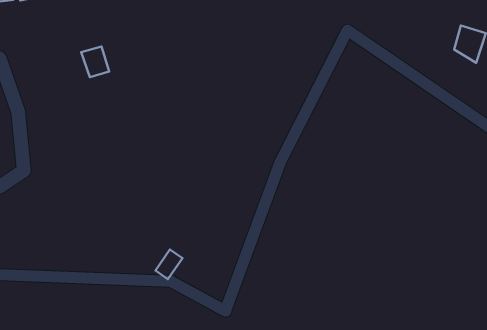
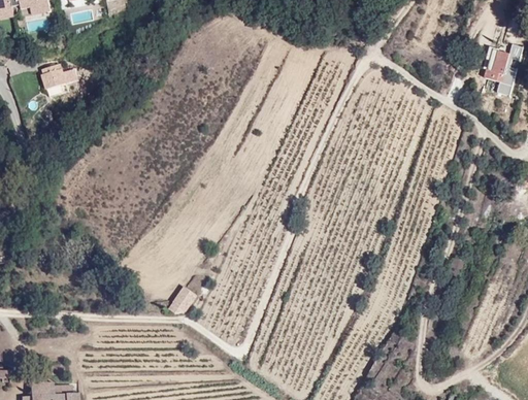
building: [81,47,109,77] -> [38,63,68,96]

